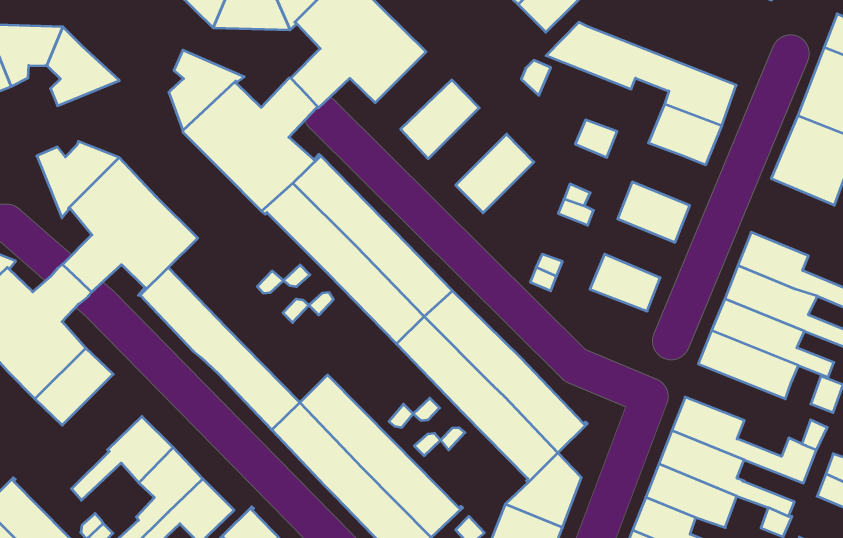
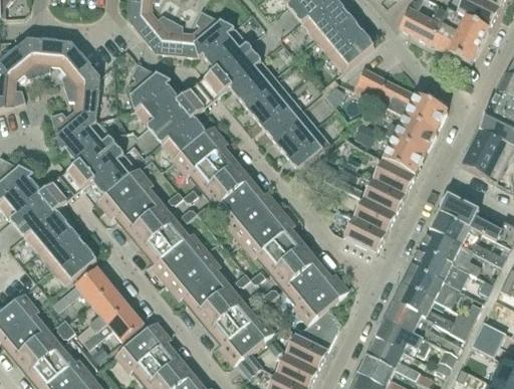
building: none -> [244,75,288,118]
building: none -> [65,76,101,120]
building: none -> [271,110,316,152]
building: none -> [384,138,427,175]
building: none -> [307,160,406,214]
building: none -> [119,169,204,266]
building: none -> [345,217,387,252]
building: none -> [404,264,462,308]
building: none -> [52,241,97,284]

